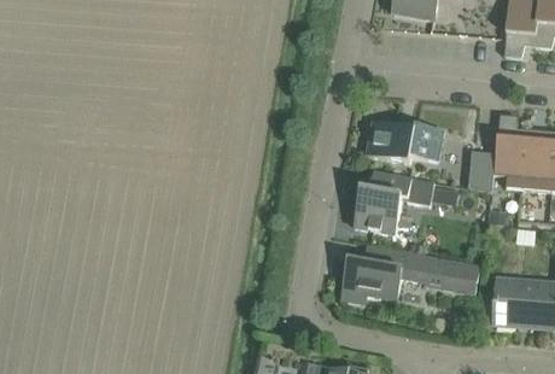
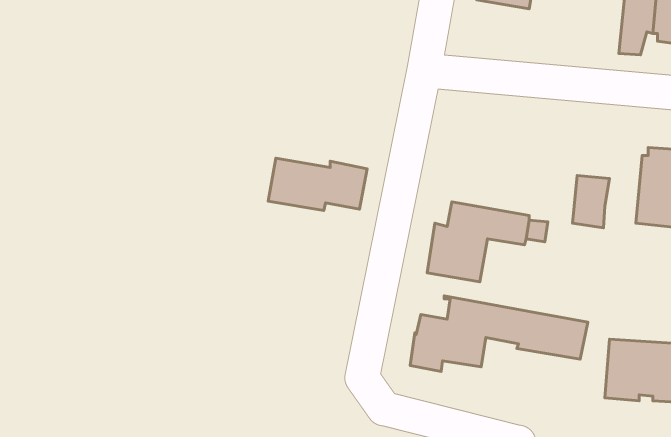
building: [493,113,522,187] -> none
building: [367,121,444,162] -> [268,158,367,211]

